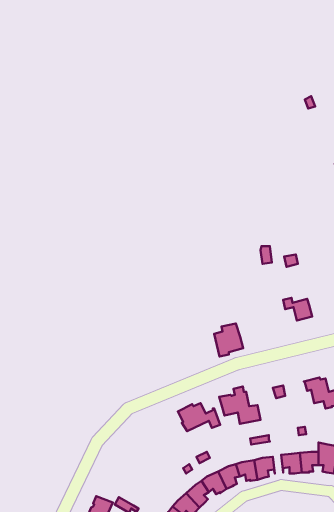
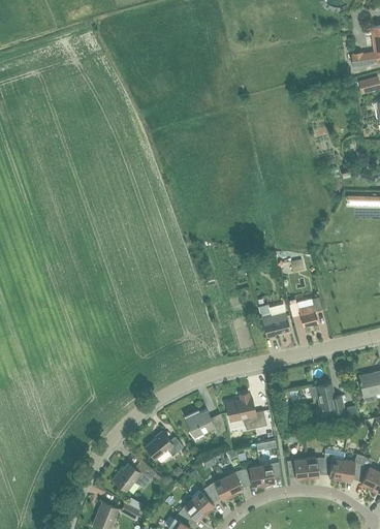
building: [214,323,243,356] -> [261,304,290,337]
building: none -> [146,430,184,458]
building: none -> [113,460,156,490]

